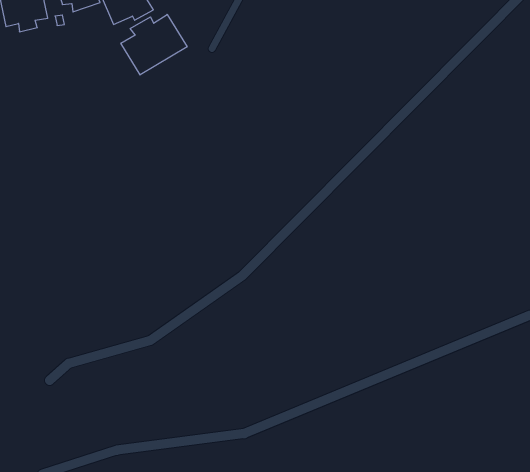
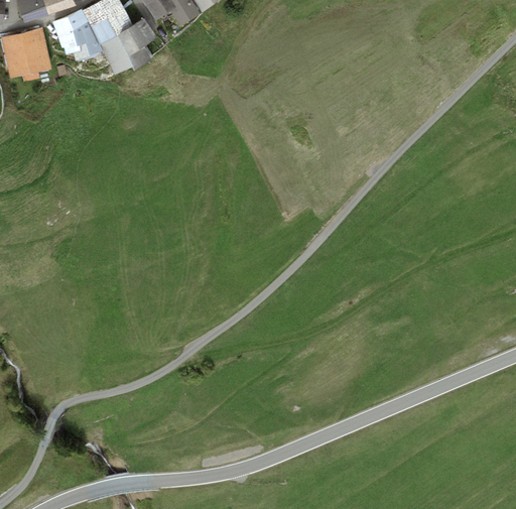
building: [121,14,187,75] -> none

